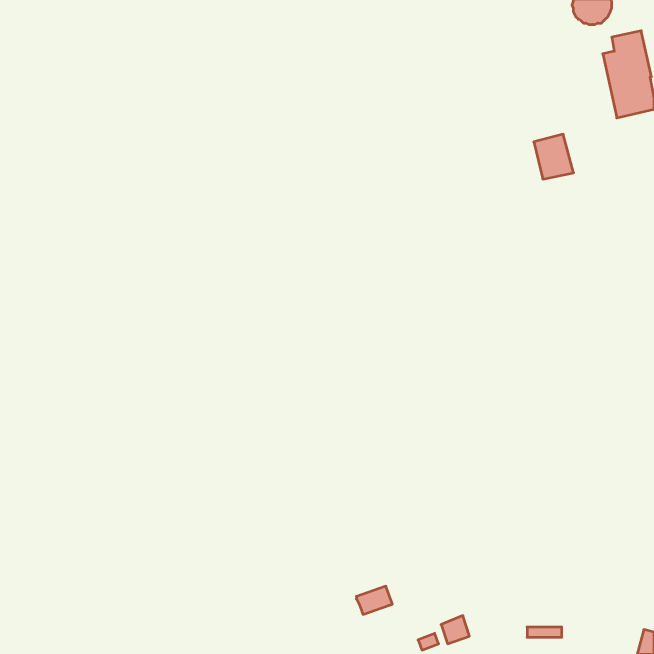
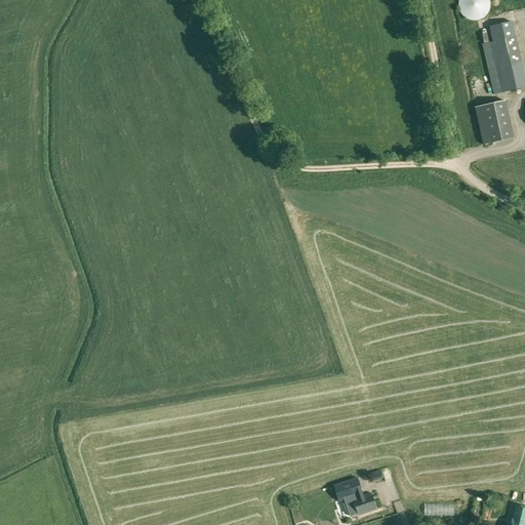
building: [534,134,574,179] -> [480,106,512,142]
building: [356,586,392,614] -> [333,477,362,499]

